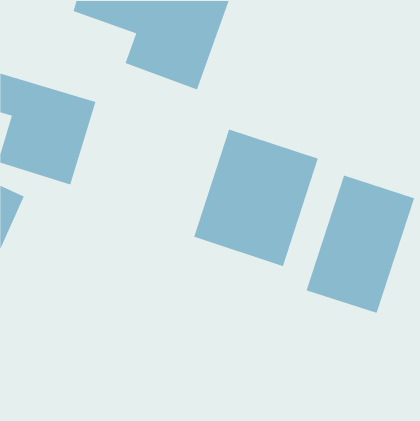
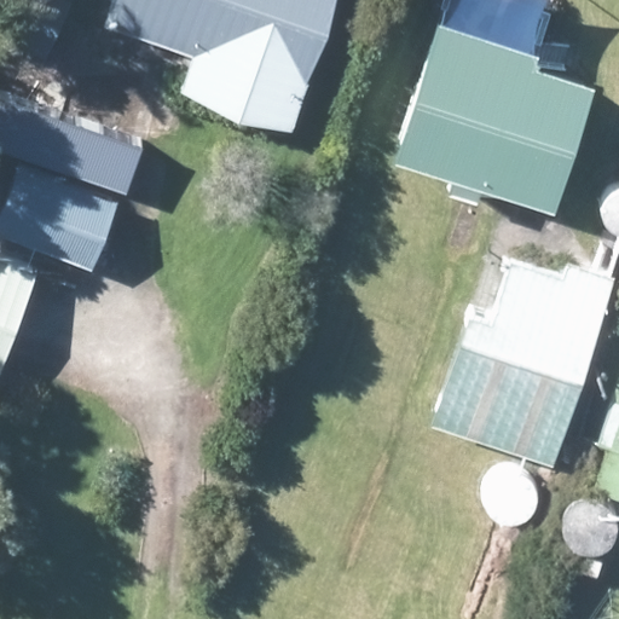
building: none -> [394,27,590,212]
building: [193,128,319,267] -> none

